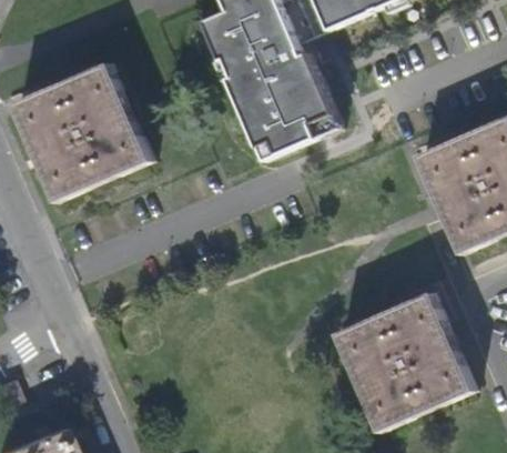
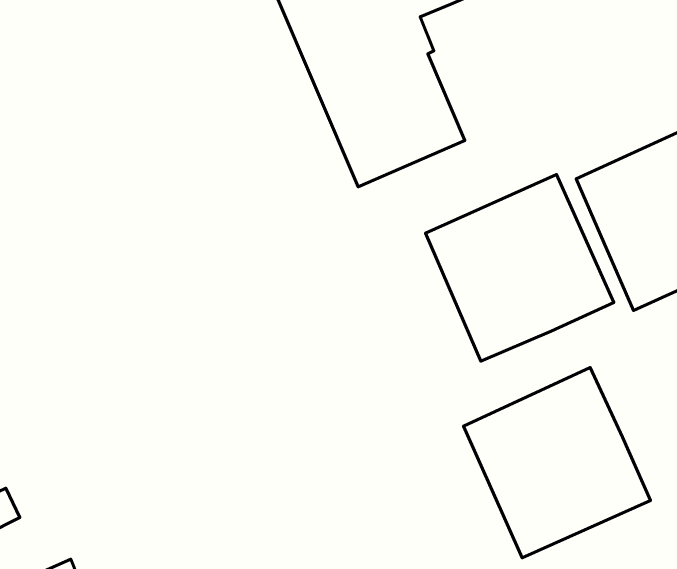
building: [17,62,151,199] -> none
building: none -> [426,175,614,361]

